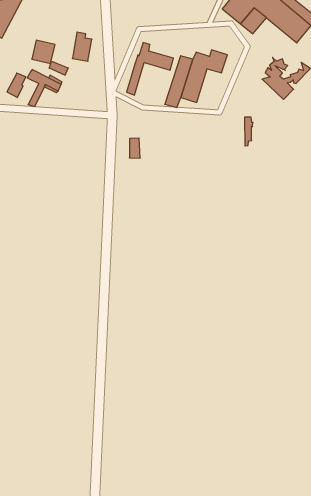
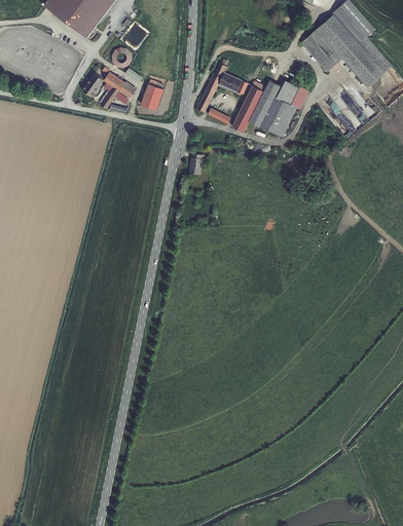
building: [72,32,92,61] -> [141,79,162,109]
building: none -> [263,98,296,137]

